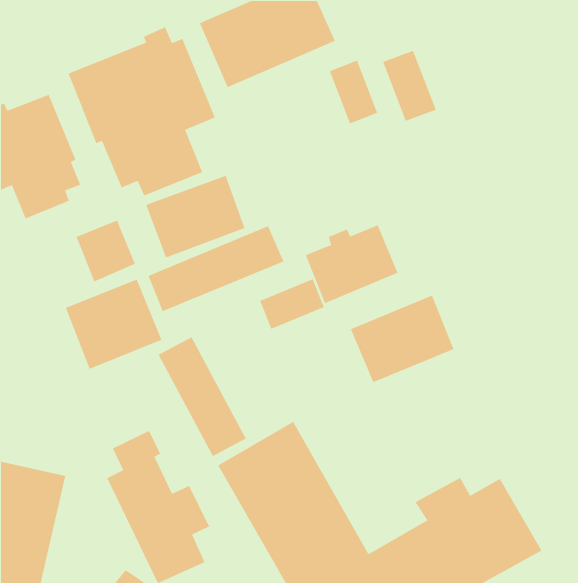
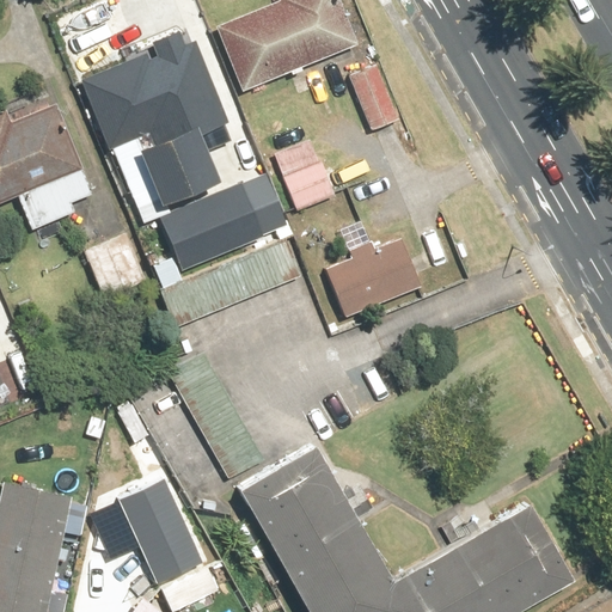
building: [382,50,437,122] -> none
building: none -> [275,140,336,212]
building: [259,278,325,330] -> none
building: [65,278,162,370] -> none
building: [350,294,454,383] -> none

